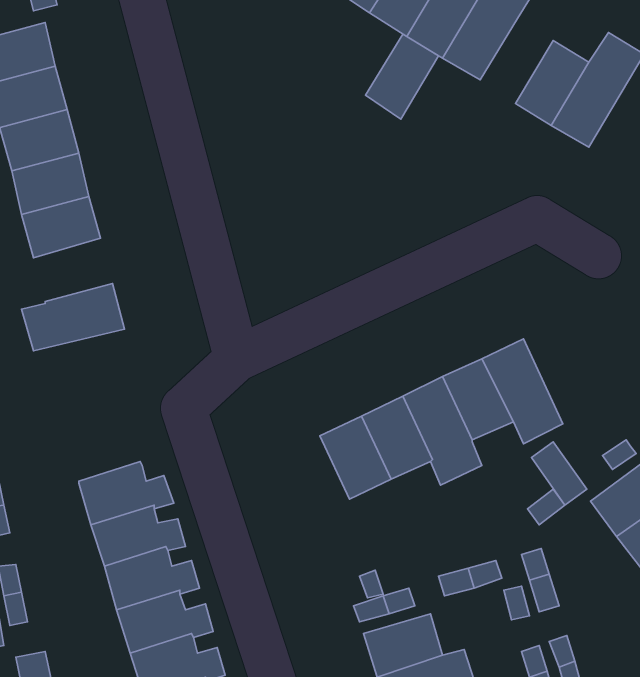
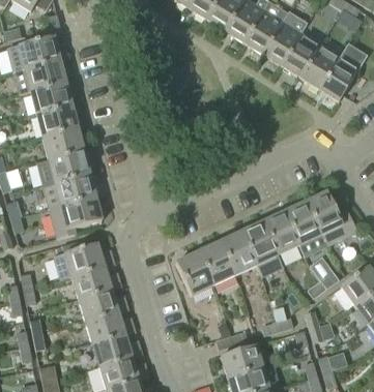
building: [365,34,438,119] -> [282,33,320,78]
building: none -> [36,148,89,185]
building: none -> [305,190,357,245]
building: none -> [48,195,102,237]
building: none -> [53,239,114,278]
building: none -> [175,251,213,295]

